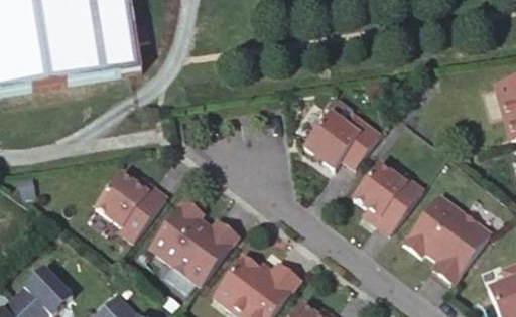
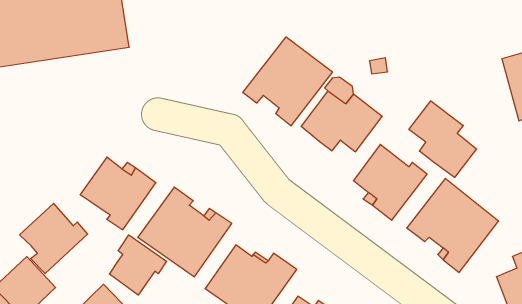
building: none -> [243,37,332,126]
building: none -> [409,101,477,177]
building: none -> [20,203,88,274]
building: none -> [109,235,167,295]

